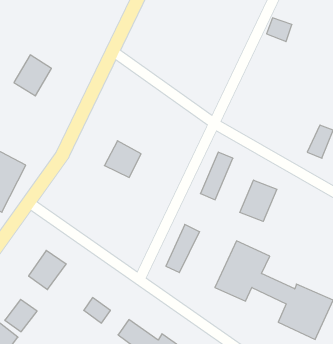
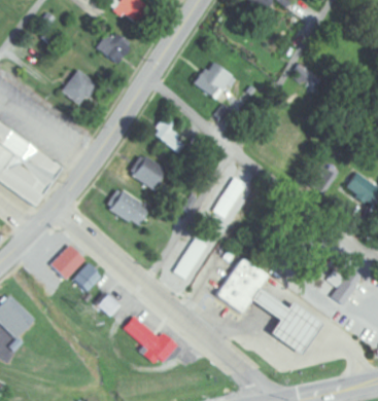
building: none -> [95,32,131,63]
building: none -> [192,63,235,98]
building: none -> [151,117,184,153]
building: [240,180,277,221] -> none
building: none -> [108,189,149,227]
building: [5,299,37,332] -> [73,262,103,291]

